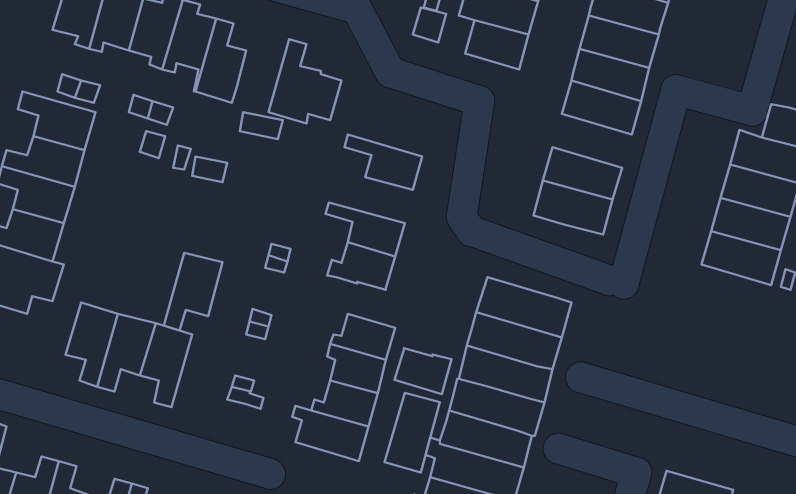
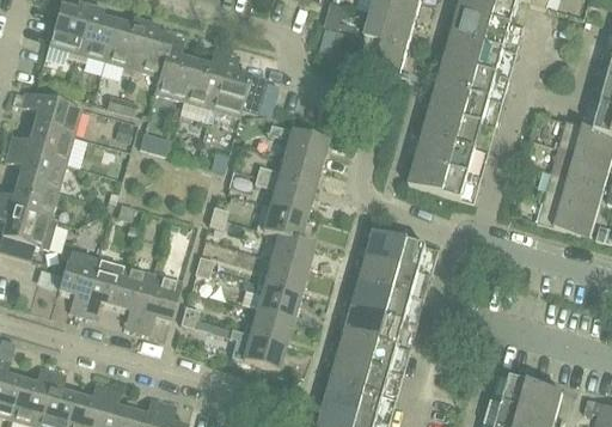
building: none -> [183,48,226,106]
building: none -> [424,108,484,148]
building: none -> [256,155,319,190]
building: [164,253,222,330] -> [137,274,182,333]
building: [394,348,451,394] -> [270,234,313,269]
building: [384,393,440,472] -> none

